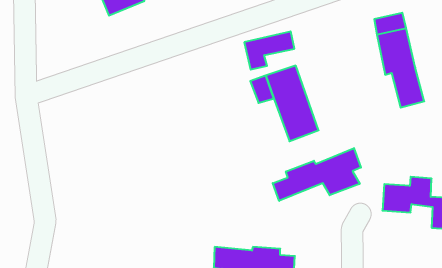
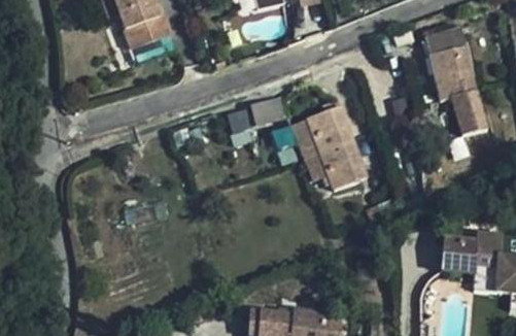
building: [244,31,294,70] -> [227,96,283,139]
building: [273,148,361,201] -> none

